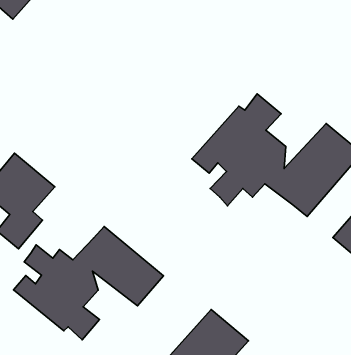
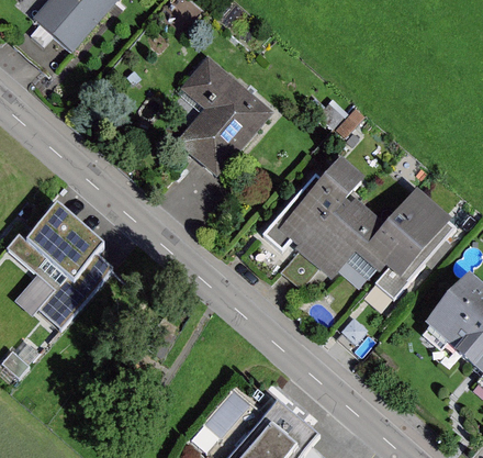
building: none -> [175,55,271,175]
building: [13,227,163,340] -> none

